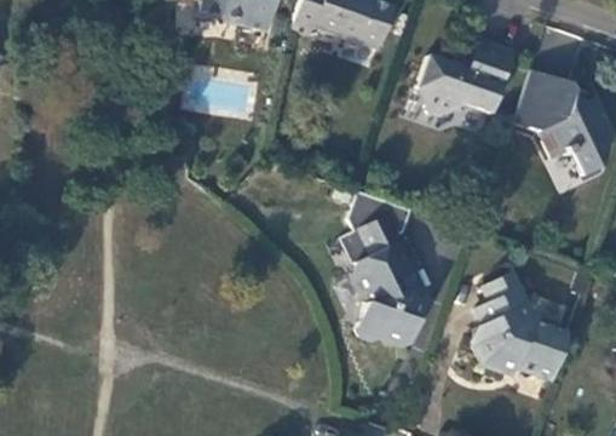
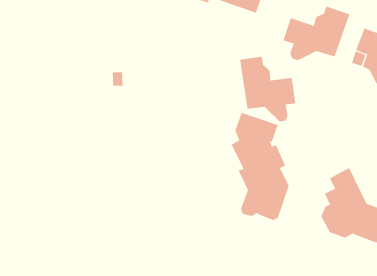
building: none -> [240,56,296,122]

